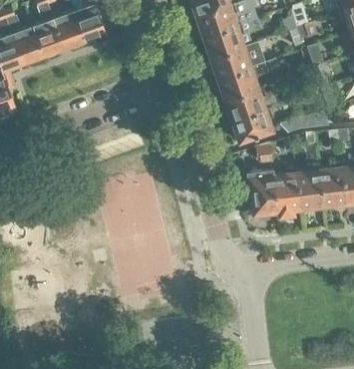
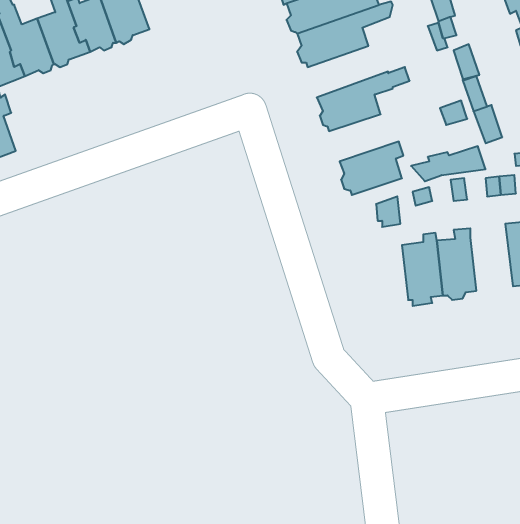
building: [211,43,264,79] -> none
building: [225,88,279,121] -> none
building: [318,162,346,210] -> none
building: [249,170,277,218] -> none

